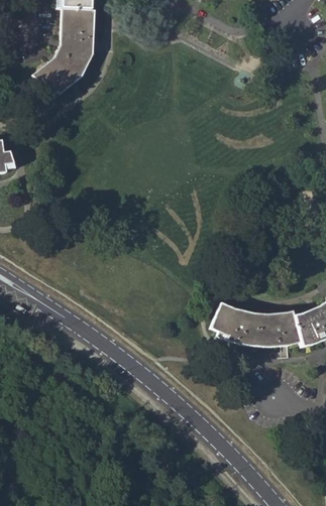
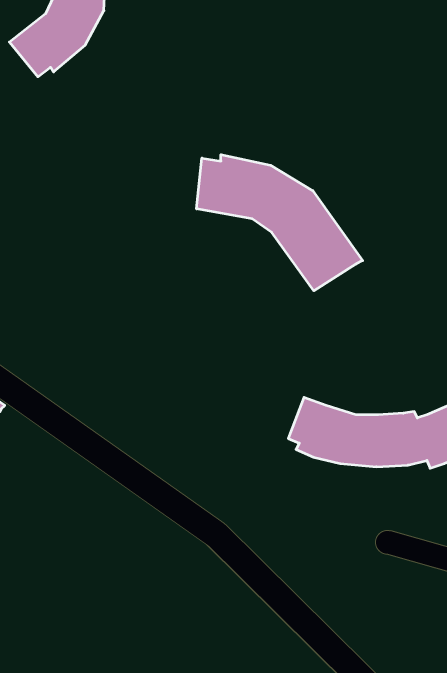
building: none -> [197,155,363,291]

